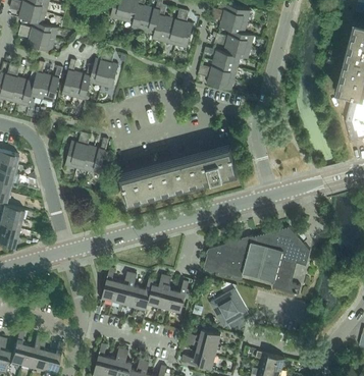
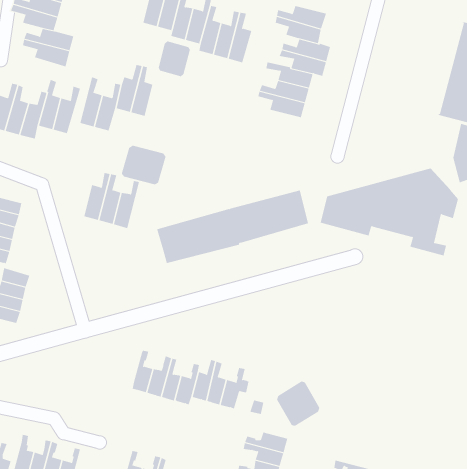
building: none -> [158,41,190,77]
building: none -> [121,145,166,185]
building: [204,227,310,294] -> [320,168,459,256]

